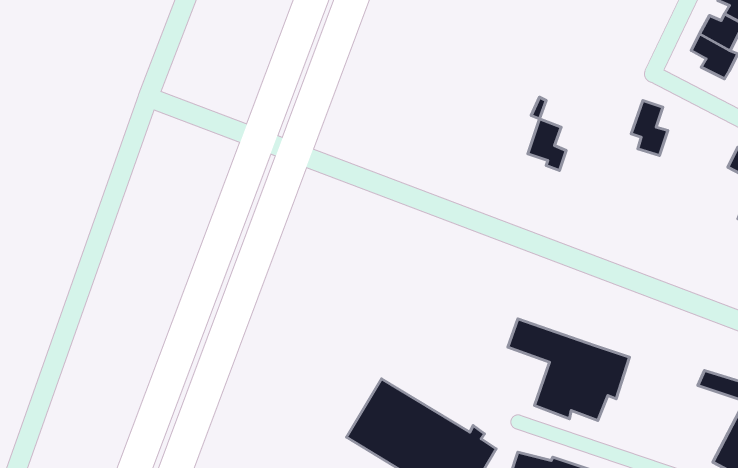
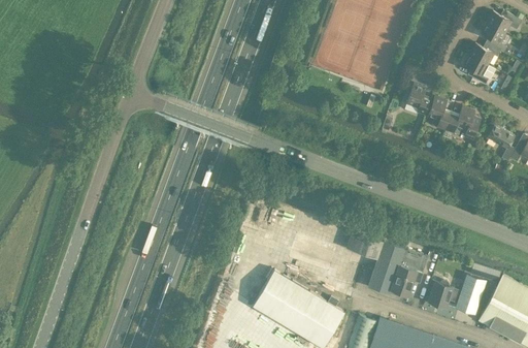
building: none -> [447,107,482,140]
building: [528,119,566,171] -> [407,84,431,116]
building: none -> [429,275,487,315]

